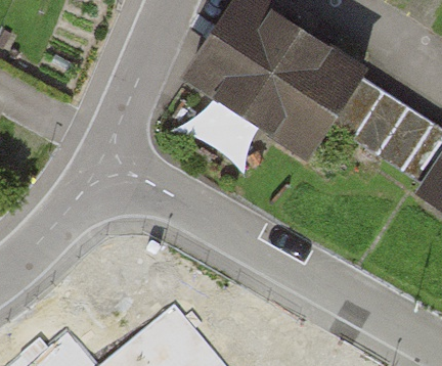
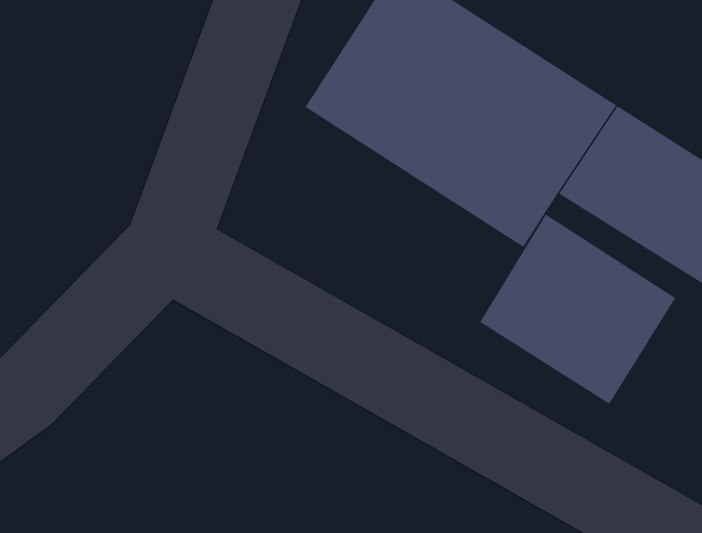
building: none -> [479,214,676,405]

